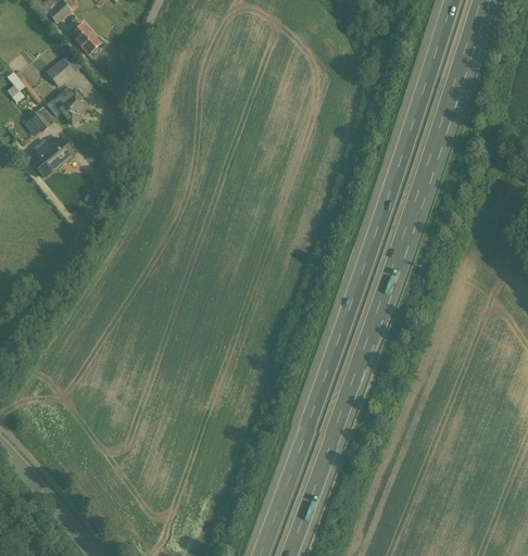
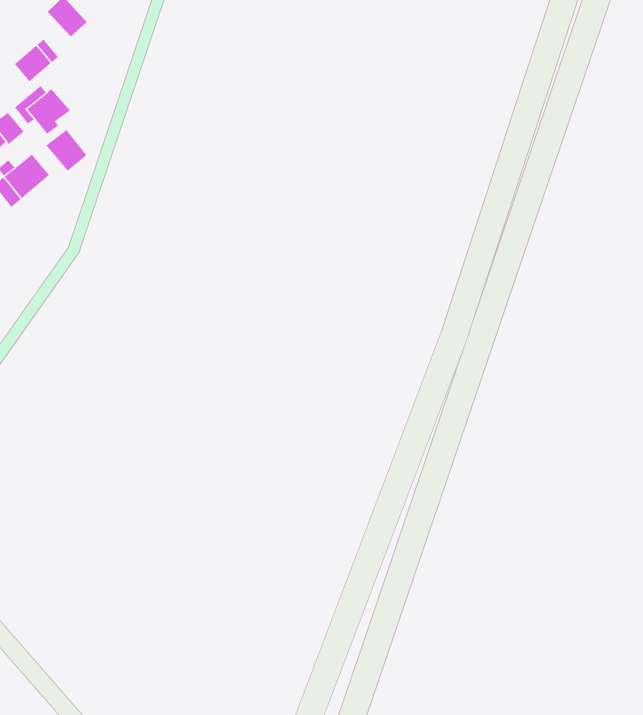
building: none -> [46,129,87,171]

